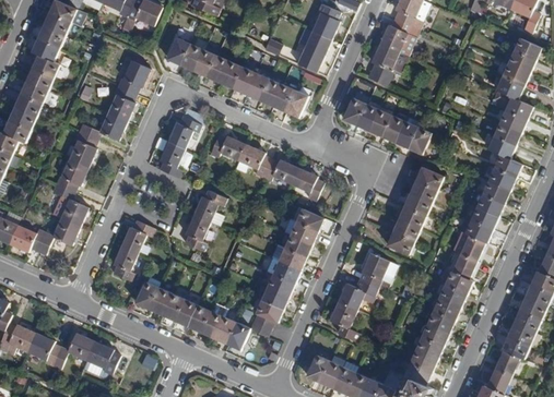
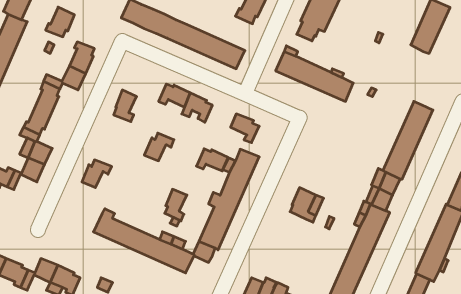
building: [116,60,149,94] -> [46,7,74,37]
building: [487,97,532,158] -> none
building: [167,116,201,148] -> none
building: [261,158,297,183] -> [196,149,228,171]
building: [386,166,443,255] -> none
building: [184,215,209,251] -> [165,189,187,221]
building: [111,245,137,281] -> none
building: [328,279,377,341] -> none

